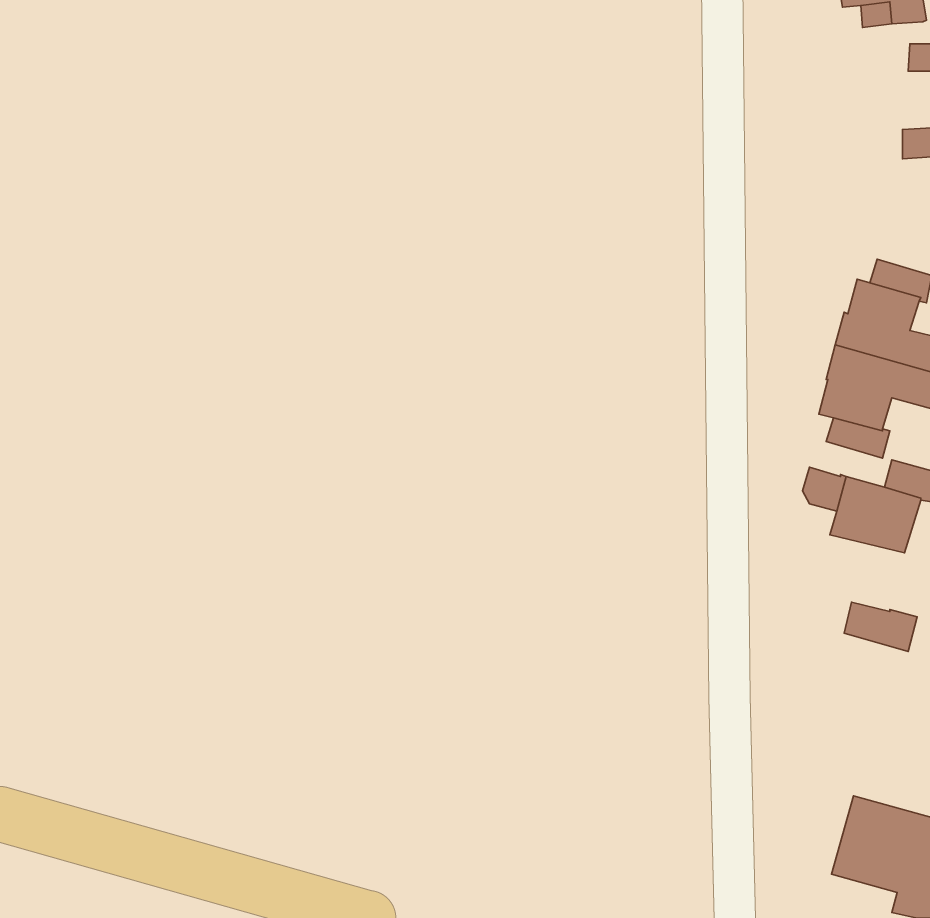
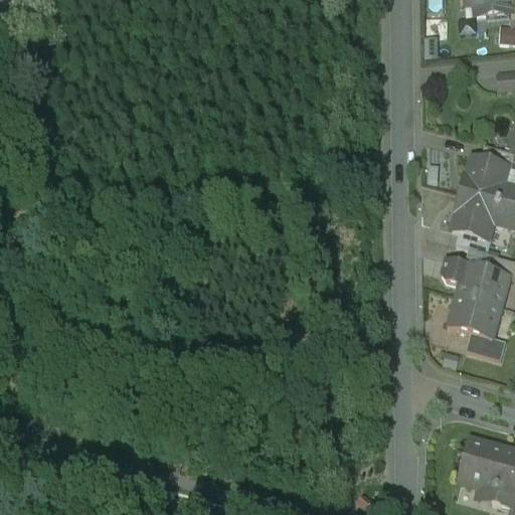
building: none -> [451,295,500,337]

